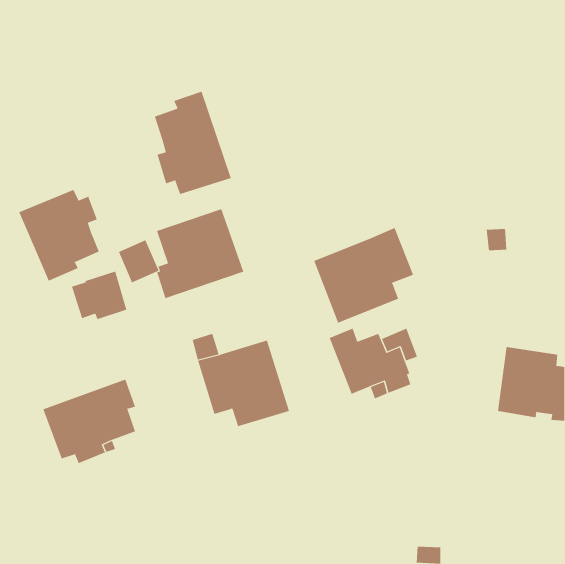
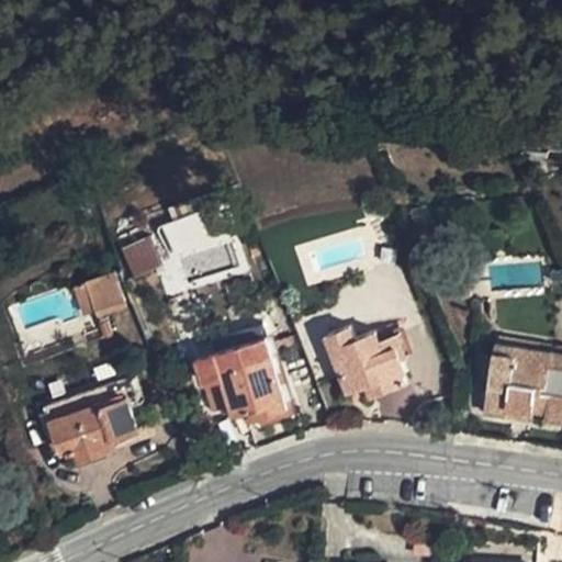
building: [154,91,232,195] -> none
building: [19,189,99,281] -> none
building: [314,227,414,323] -> none

